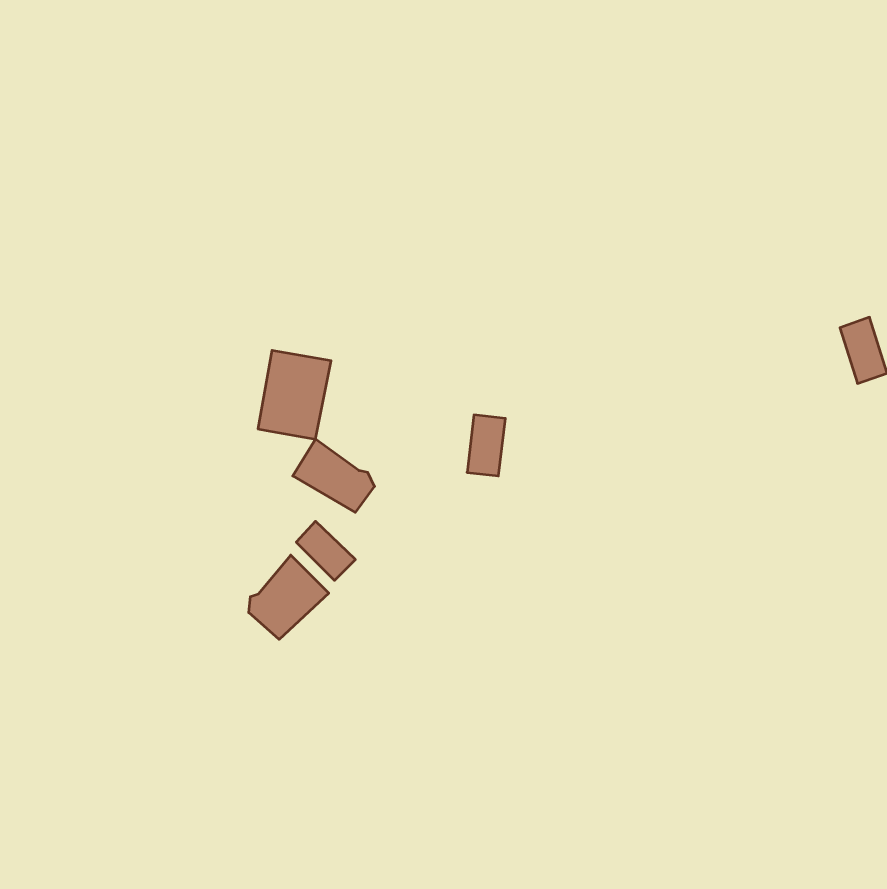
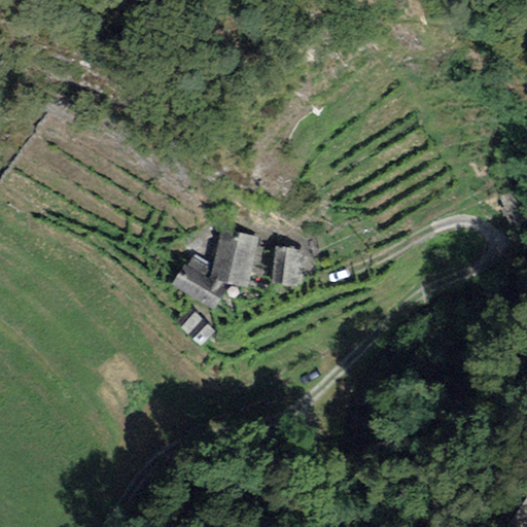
building: [258,350,331,439] -> [212,233,255,285]
building: [249,555,329,639] -> none

